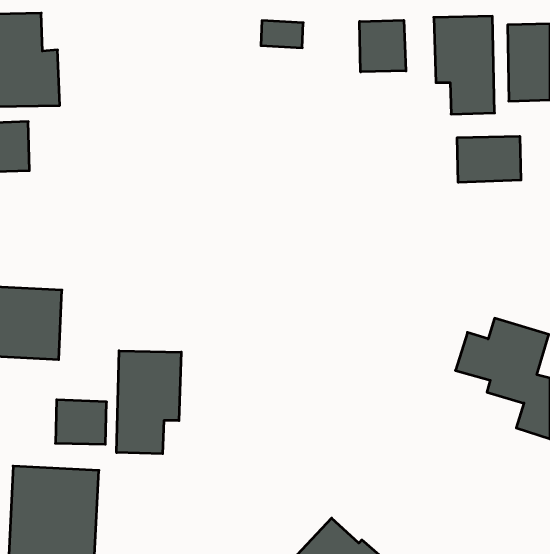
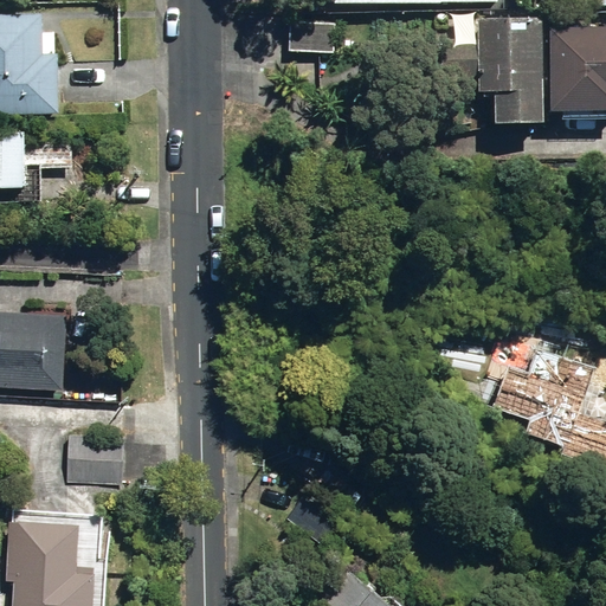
building: [360,20,406,72] -> none
building: [457,136,521,182] -> none
building: [117,351,181,454] -> none

